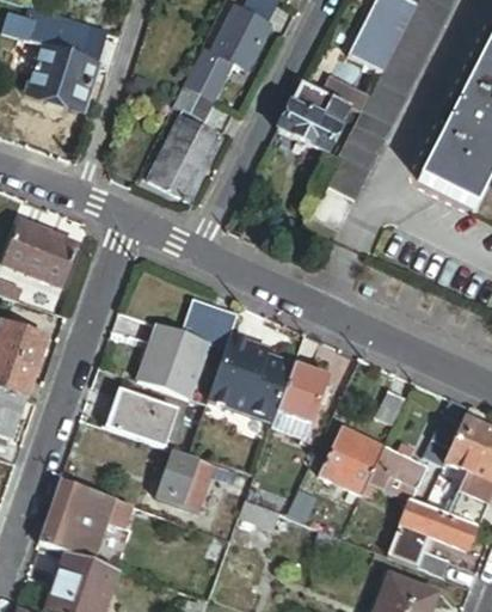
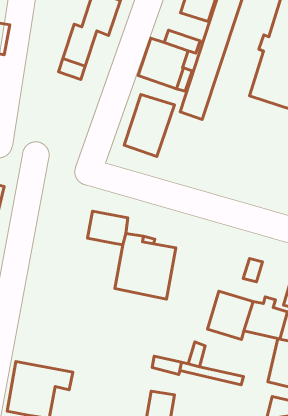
building: [147,117,221,202] -> [124,95,174,157]
building: [137,323,210,398] -> none
building: [271,361,328,439] -> none
building: [106,388,176,447] -> none
building: [156,449,229,509] -> none

